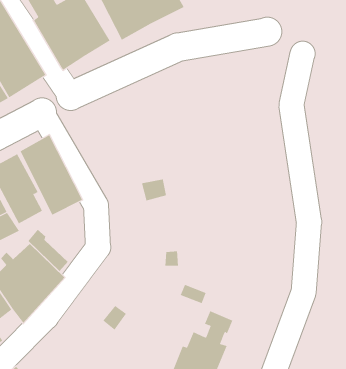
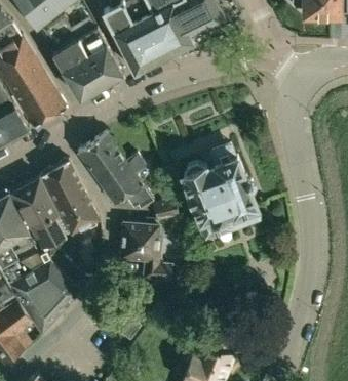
building: none -> [77,132,152,208]
building: none -> [182,143,258,237]
building: none -> [119,222,170,281]

